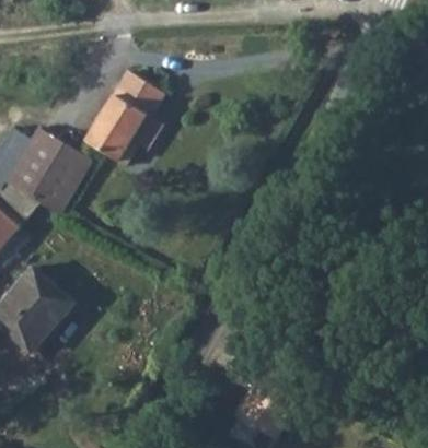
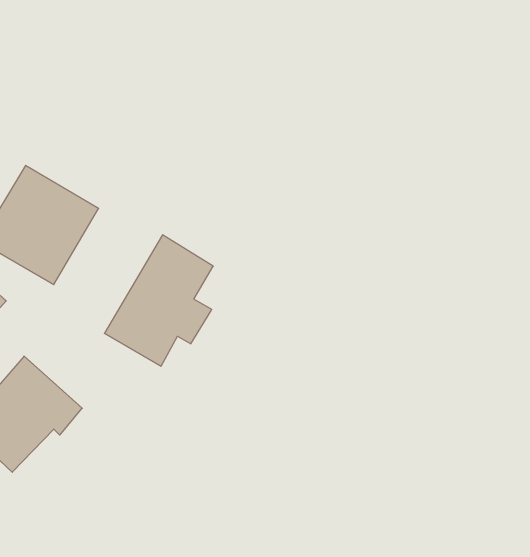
building: [84,68,164,164] -> [104,235,213,366]

